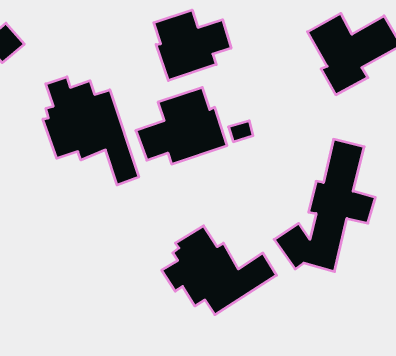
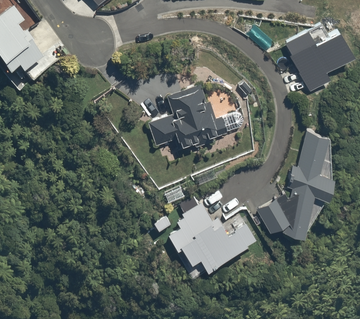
building: [154,10,231,81] -> none
building: [43,77,139,185] -> none

